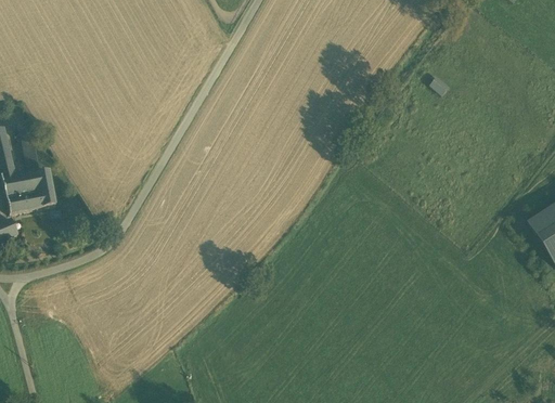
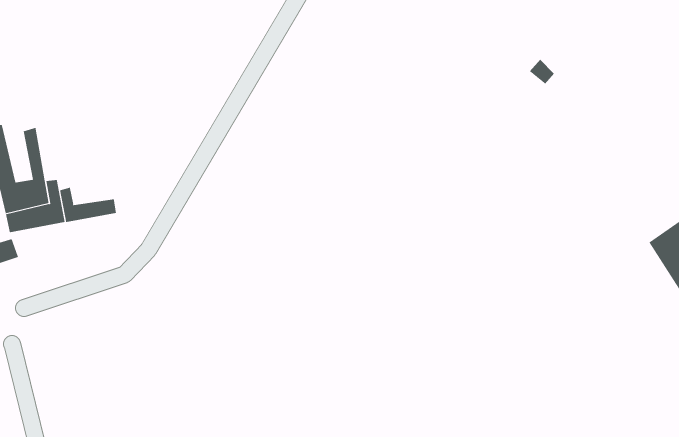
building: none -> [59,187,117,223]

